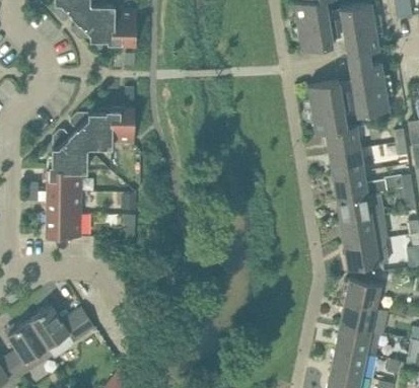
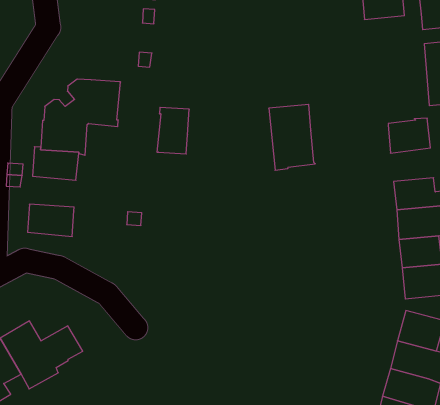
building: [307,81,347,135] -> [269,104,315,170]
building: [111,107,134,143] -> [157,107,189,154]
building: [329,149,364,177] -> none
building: [46,191,81,214] -> none

